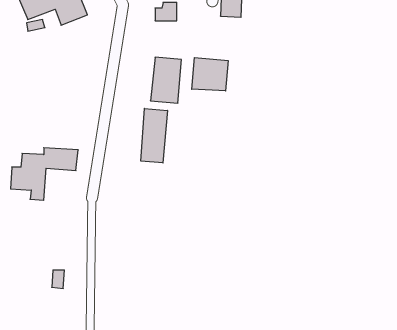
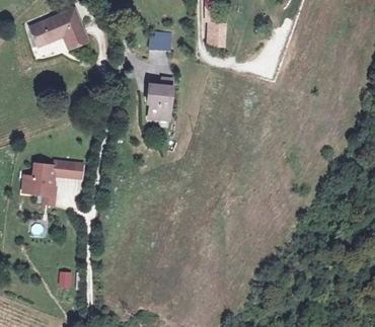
building: [192,58,228,91] -> none
building: [141,108,167,163] -> none

